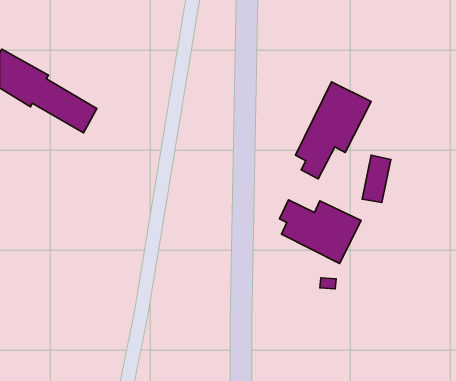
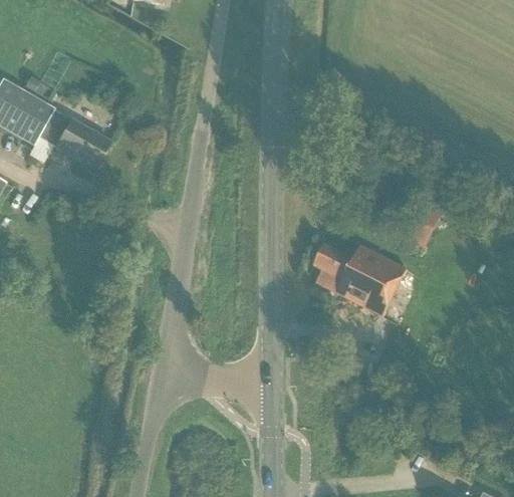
building: [295,82,371,179] -> none

